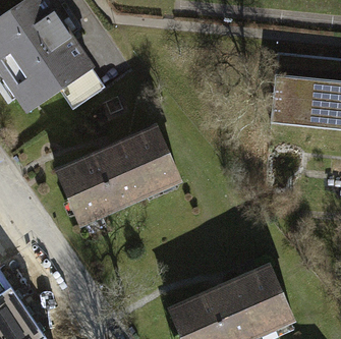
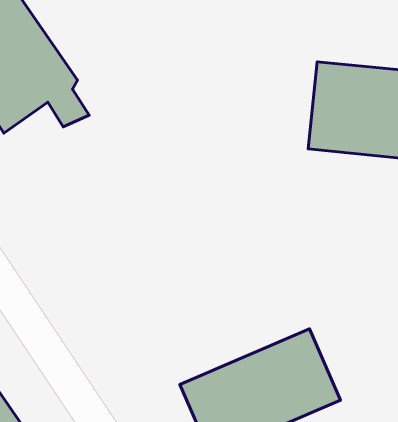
building: [55,133,180,225] -> none

